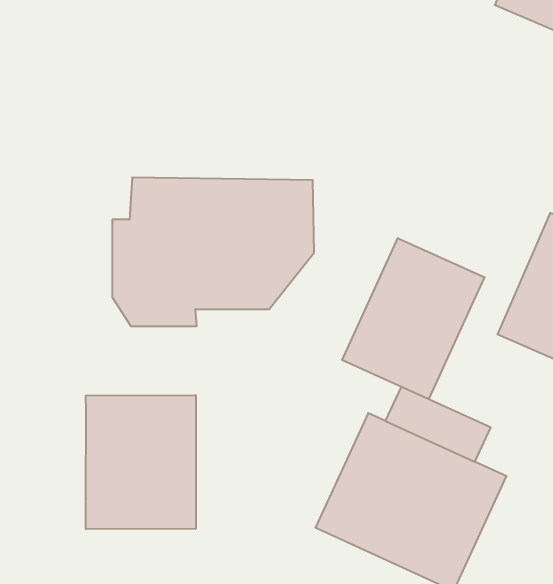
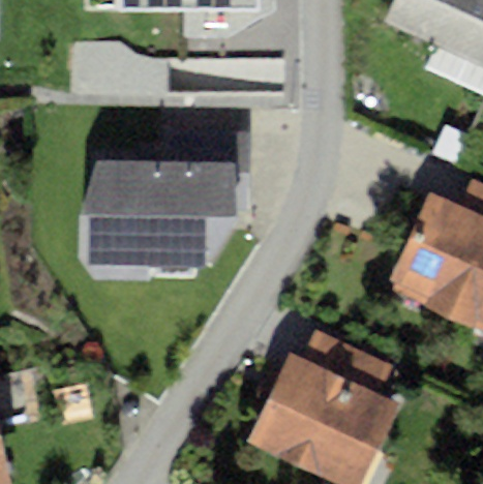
building: [342,238,484,399] -> none
building: [86,395,196,529] -> none

